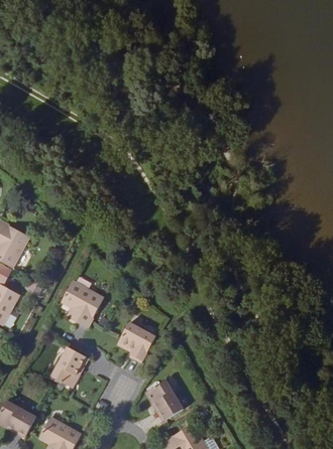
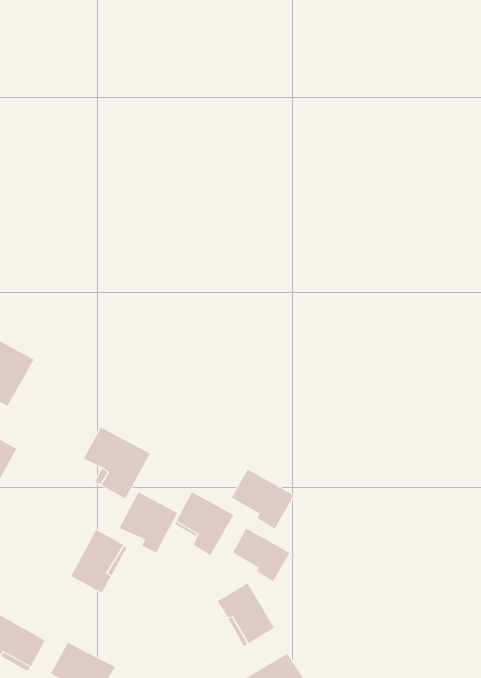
building: none -> [231,469,295,529]
building: none -> [119,491,178,554]
building: none -> [232,528,290,582]

